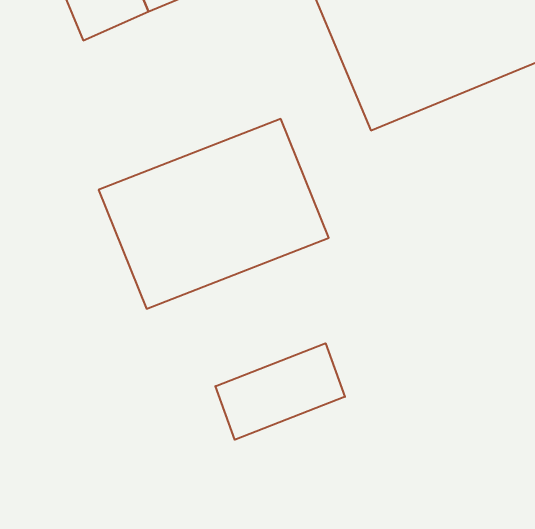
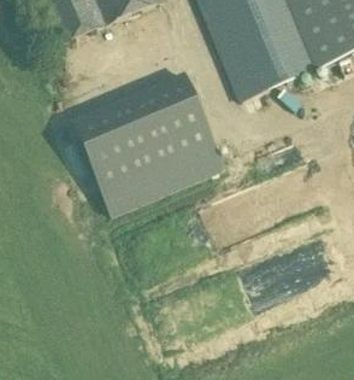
building: [215,343,345,440] -> none

